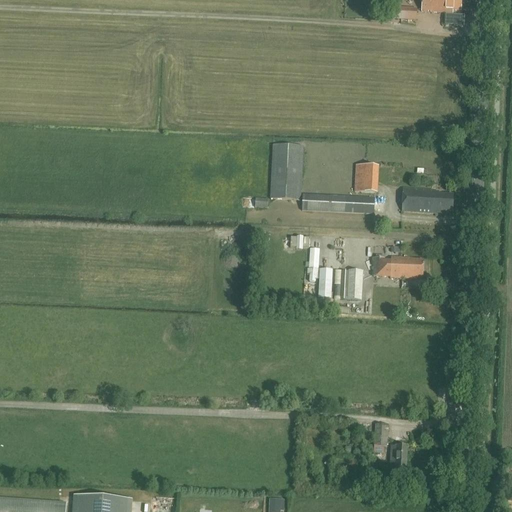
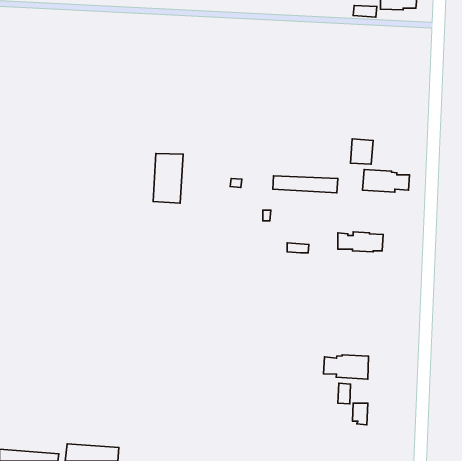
building: [269,144,302,199] -> [153,153,183,203]
building: [353,164,378,192] -> [350,139,373,164]
building: [346,270,362,300] -> none
building: none -> [323,355,368,379]

